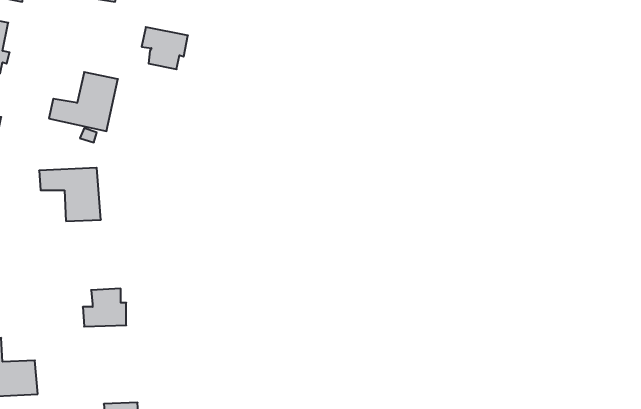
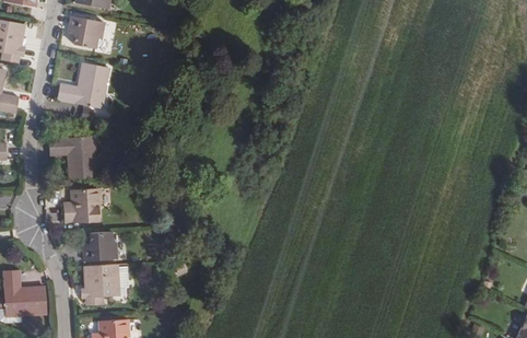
building: [142,27,188,69] -> [68,15,104,48]
building: none -> [65,188,101,223]
building: none -> [80,265,118,299]

